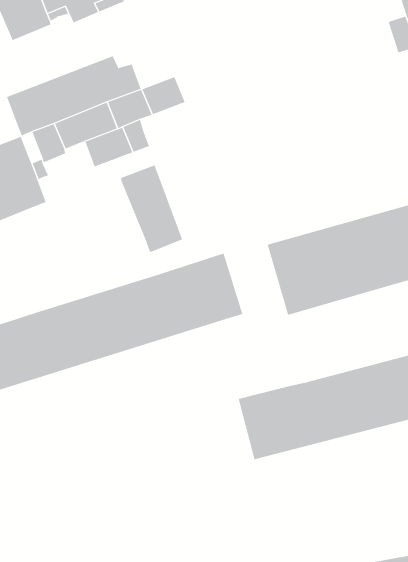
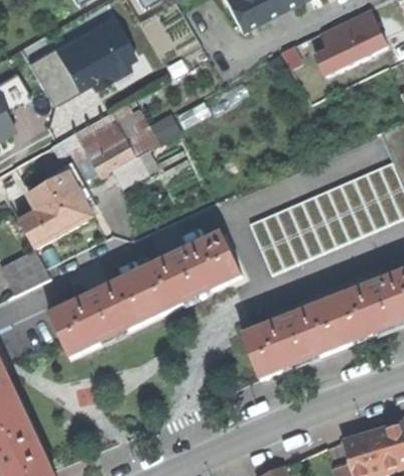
building: [120,164,183,253] -> none

